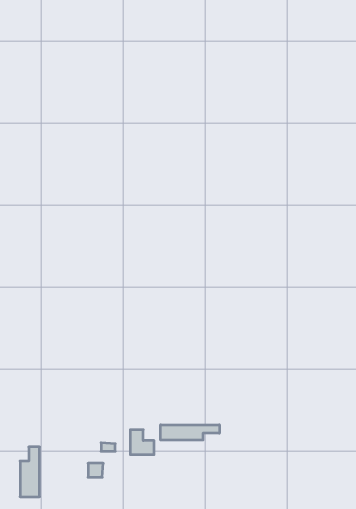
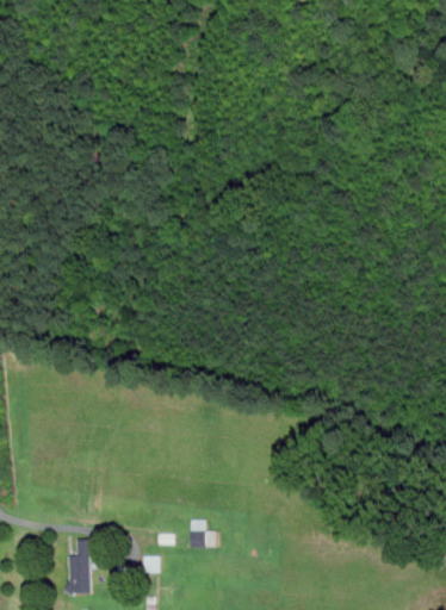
building: [161,425,219,440] -> none

